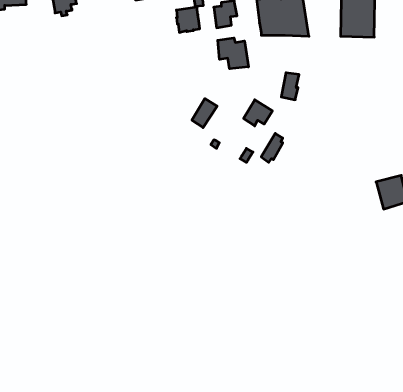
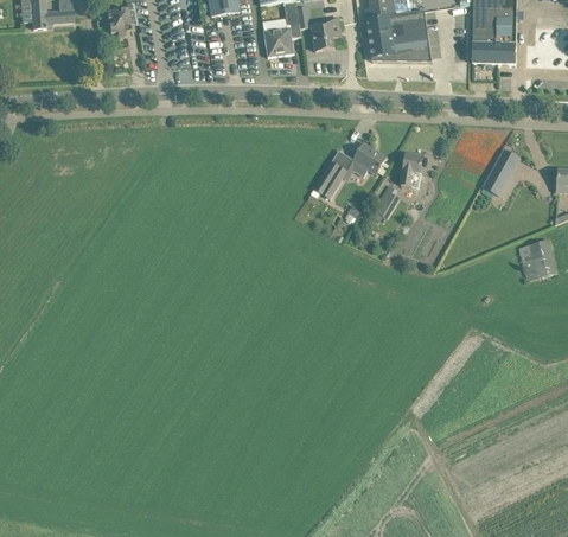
building: [218,38,248,69] -> none
building: [281,73,299,100] -> [400,152,422,186]
building: [192,99,217,128] -> [314,160,346,197]
building: none -> [481,147,519,194]

